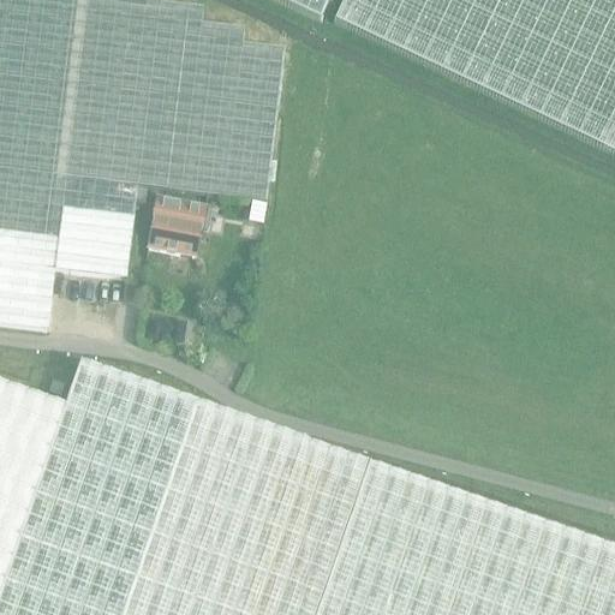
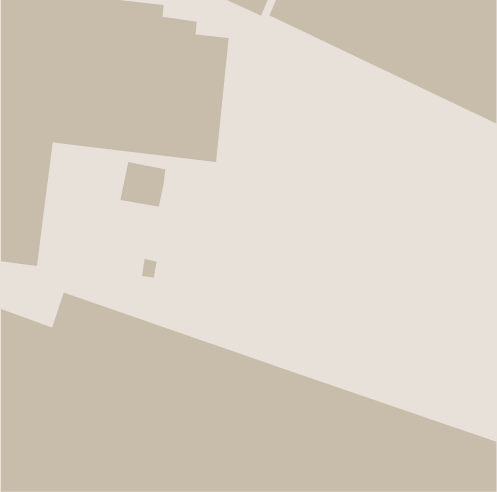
building: [54,177,137,279] -> none

